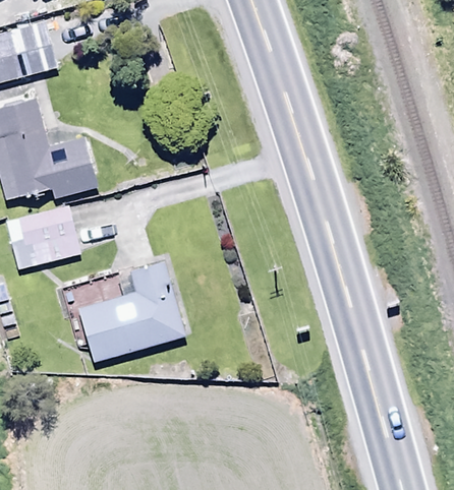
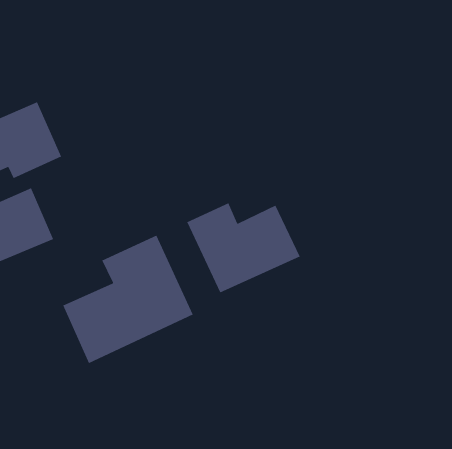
building: none -> [186,202,301,294]

